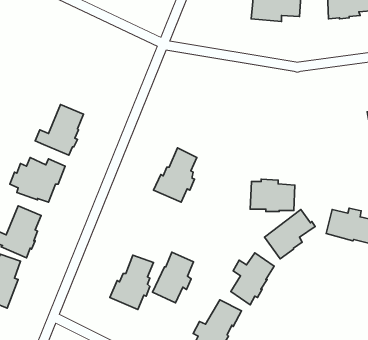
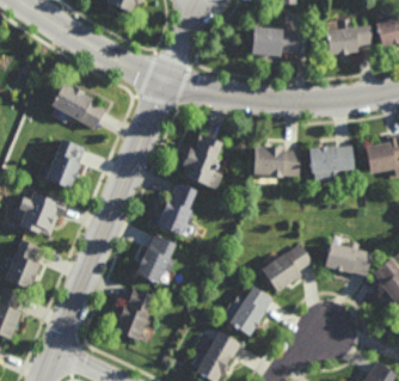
building: none -> [51,82,105,129]
building: none -> [179,134,225,189]
building: none -> [309,146,355,177]
building: [250,179,295,212] -> [256,145,300,177]
building: [153,252,194,303] -> [136,234,177,284]

